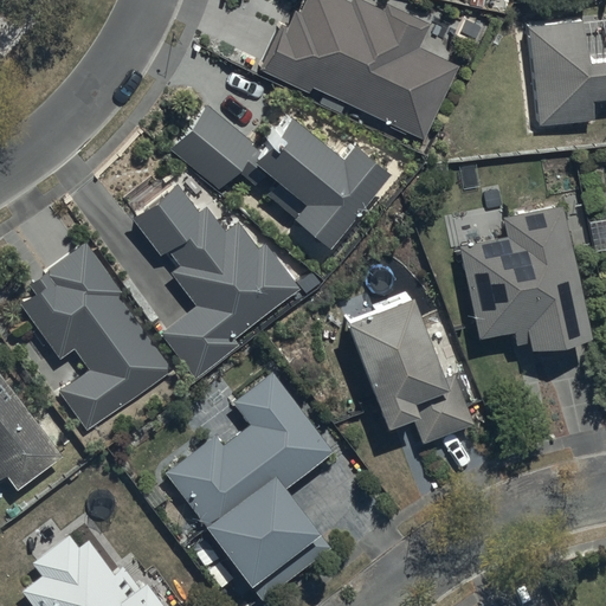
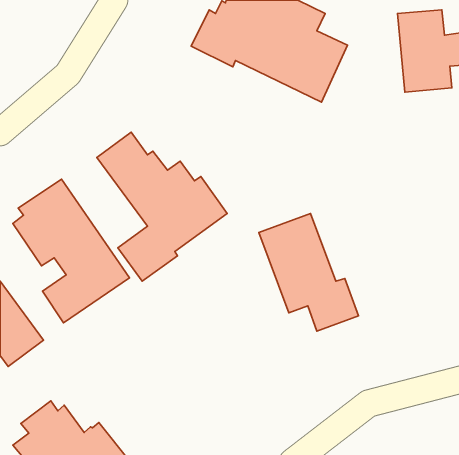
building: [167,104,389,247] -> none
building: [459,205,589,346] -> none
building: [168,372,334,599] -> none

